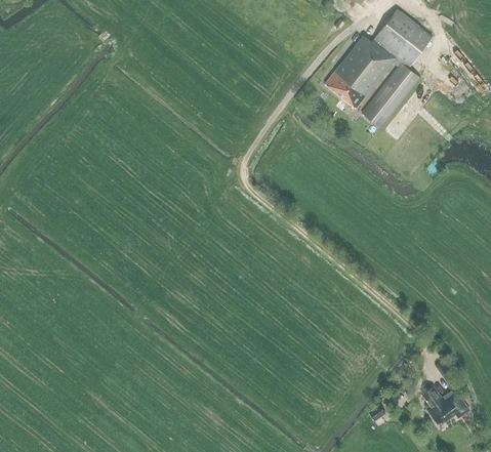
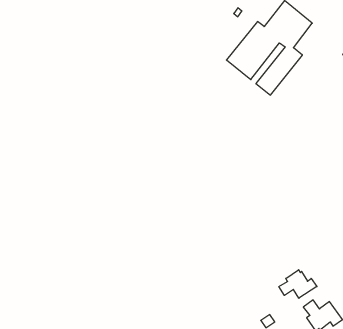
building: none -> [279,270,317,298]

